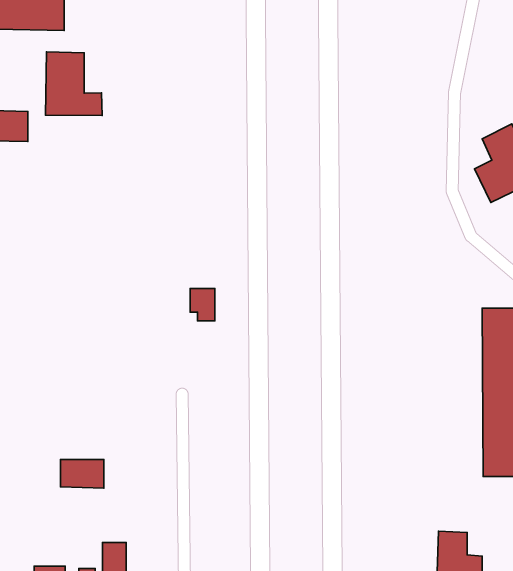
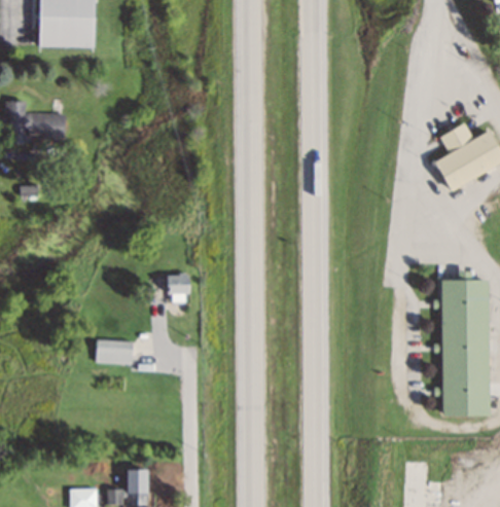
building: [45,52,102,116] -> none
building: [190,289,215,321] -> [167,275,187,301]
building: [60,459,104,488] -> [97,340,133,364]

